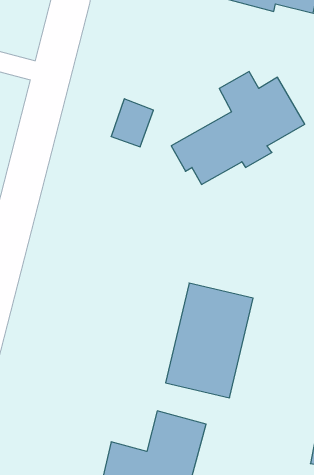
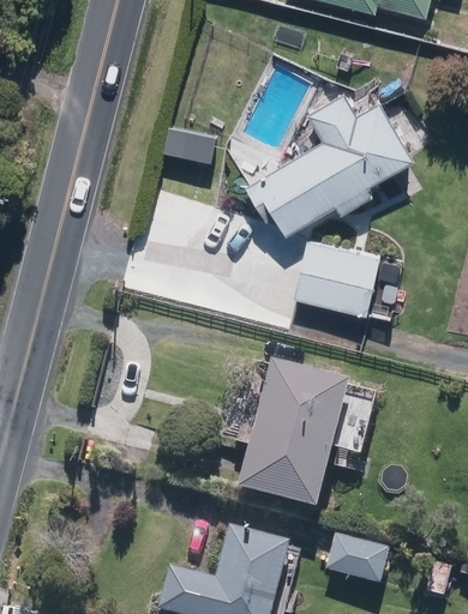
building: none -> [292,240,379,314]
building: none -> [324,537,390,584]

